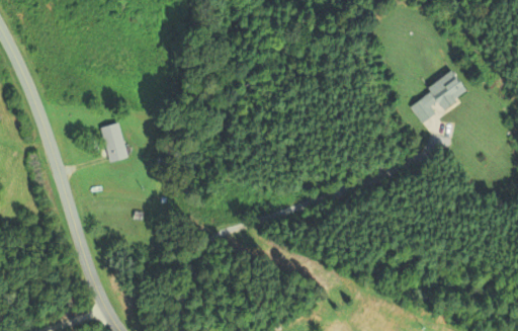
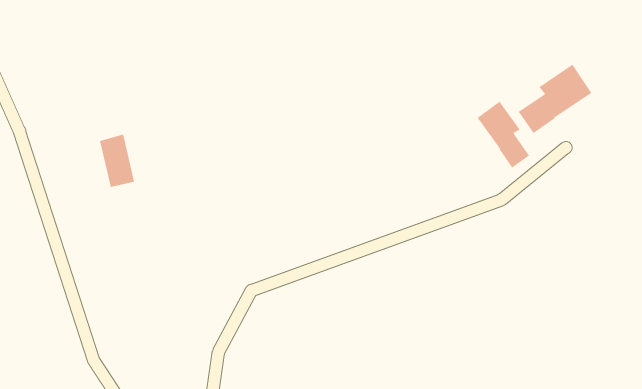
building: none -> [477,101,530,168]

